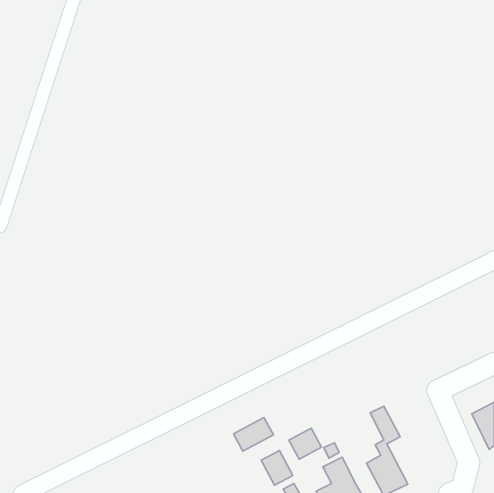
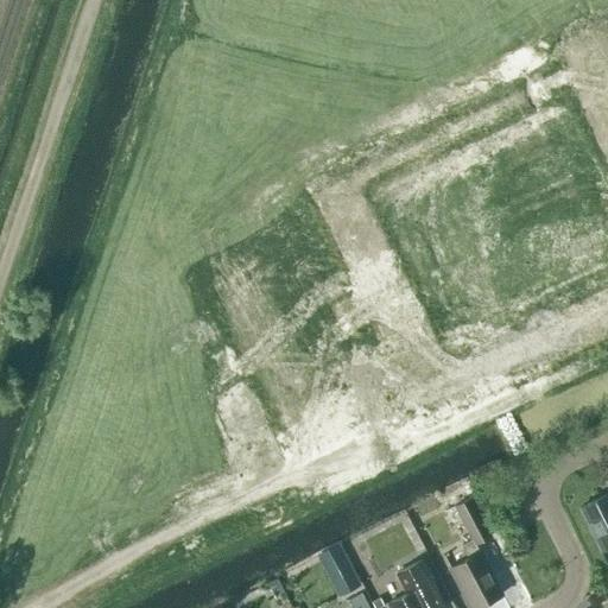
building: [233,418,274,451] -> none
building: [289,428,321,459] -> none

